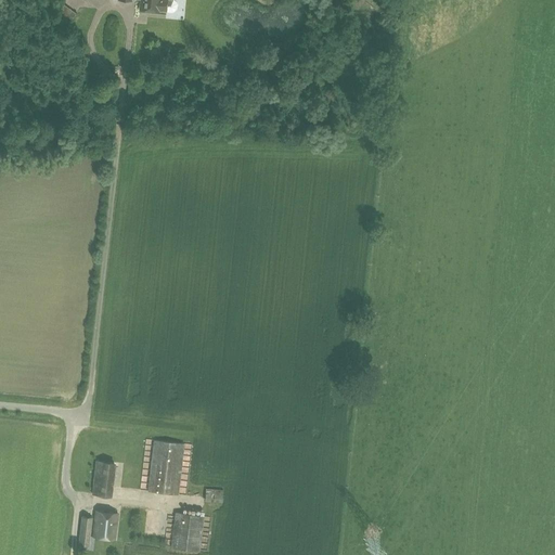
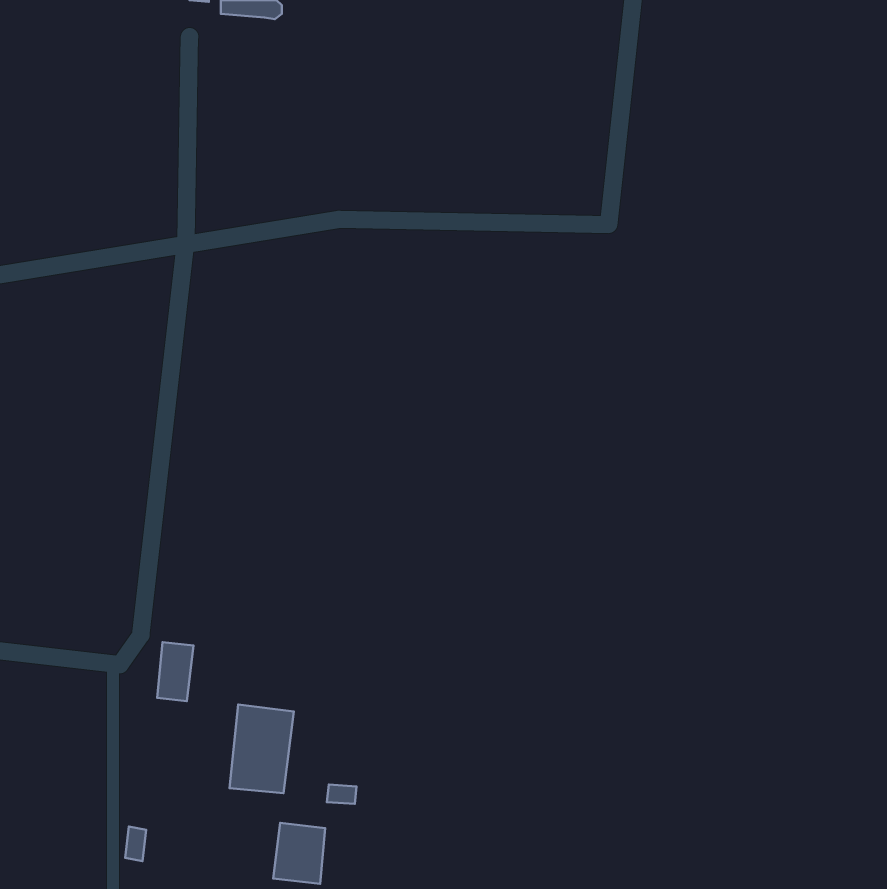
building: [92,460,115,496] -> [157,642,194,701]
building: [92,511,116,539] -> none

